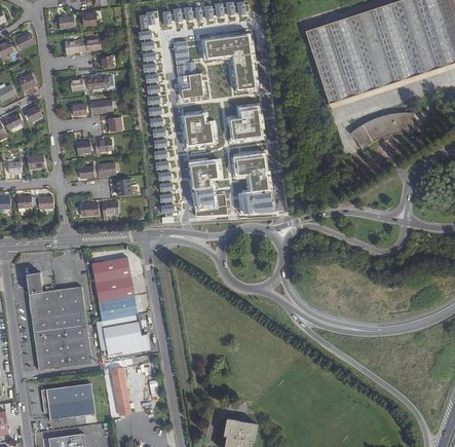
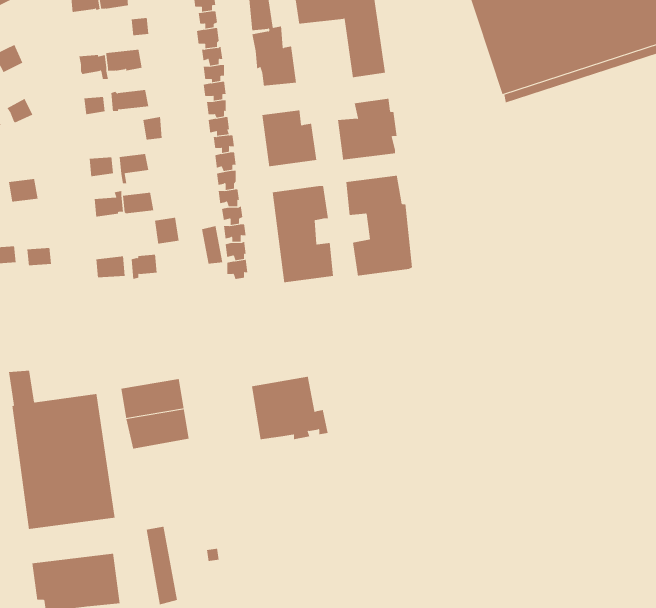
building: [349,112,412,149] -> none
building: [90,257,130,283] -> none
building: [102,313,149,352] -> [251,376,329,440]

